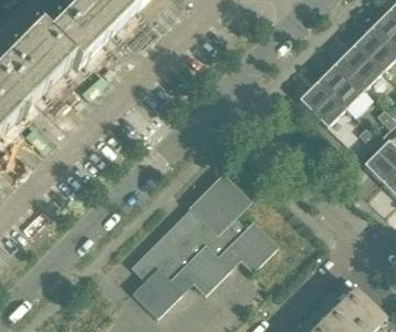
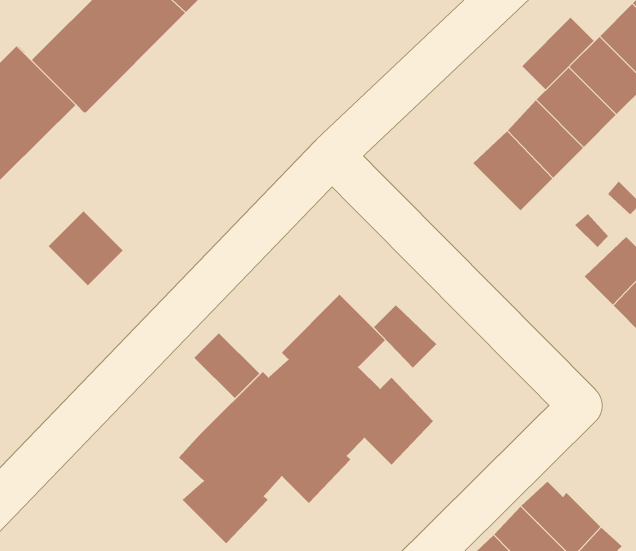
building: none -> [521,17,594,90]
building: none -> [48,210,123,286]
building: none -> [373,305,437,368]
building: none -> [194,332,260,399]

